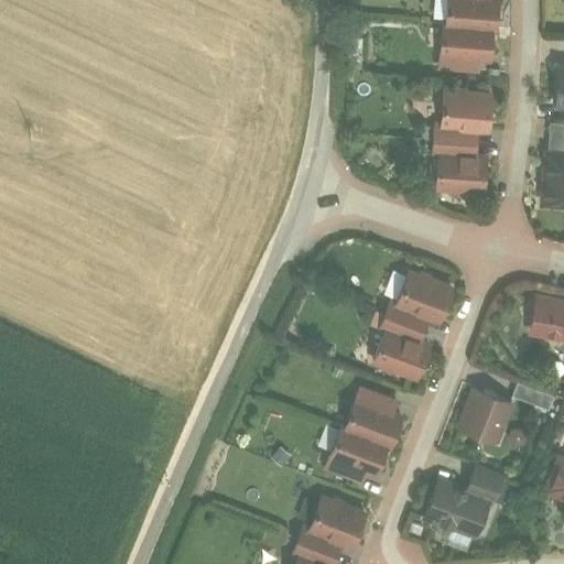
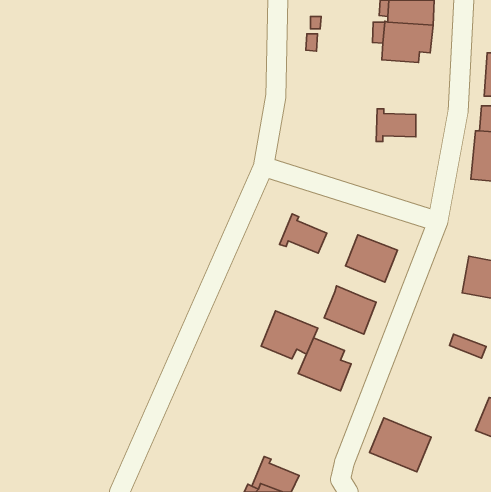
building: [441,91,491,132] -> none
building: [437,155,488,196] -> none
building: [377,296,431,341] -> [280,214,327,253]
building: [458,386,511,443] -> none
building: [326,427,391,482] -> [261,311,318,359]
building: [467,466,507,501] -> none
building: [310,494,369,549] -> none

